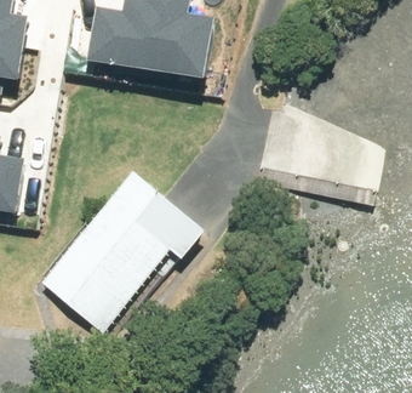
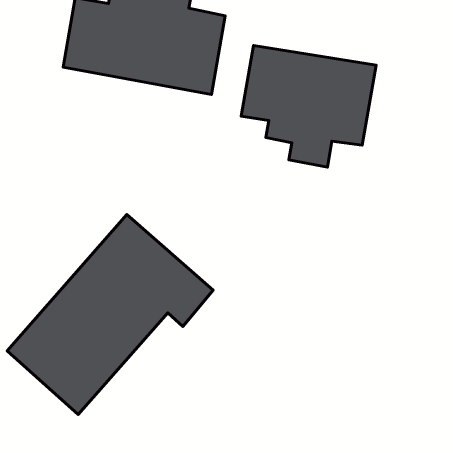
building: none -> [241,45,376,167]

